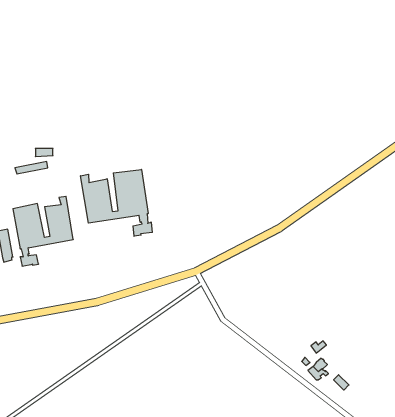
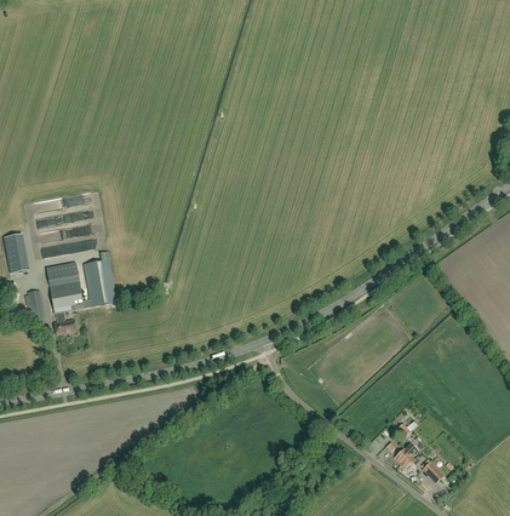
building: [81,169,152,236] -> none

